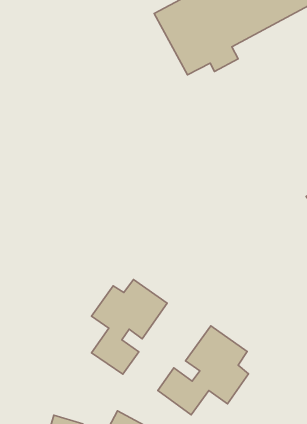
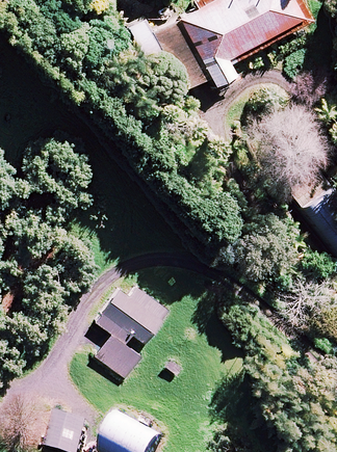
building: [158,326,249,415] -> none

